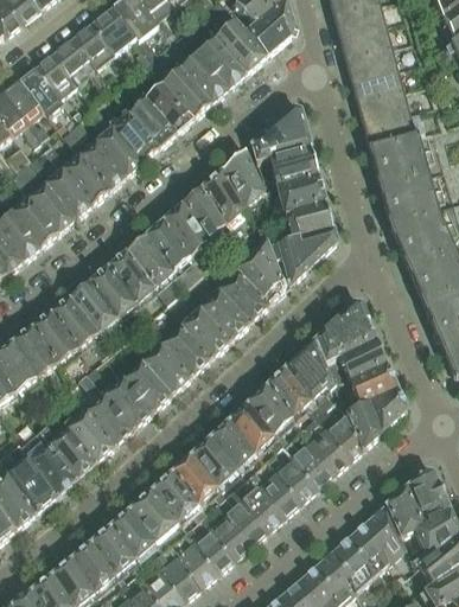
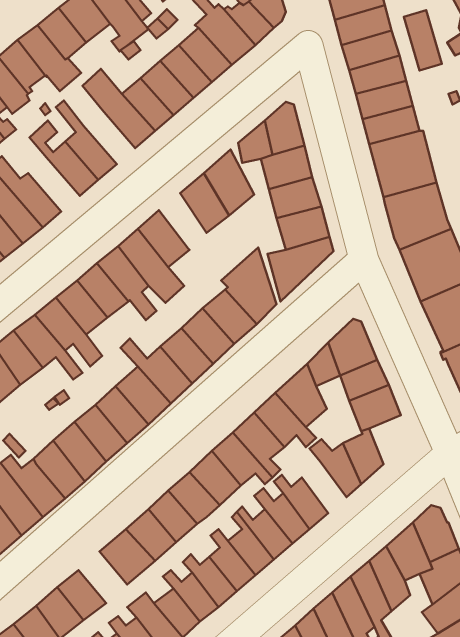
building: none -> [404,10,442,70]
building: [113,113,159,161] -> none
building: [50,143,109,204] -> none
building: [180,187,223,237] -> none
building: [369,386,407,430] -> none
building: [298,423,349,474] -> none
building: [108,509,152,555] -> none

